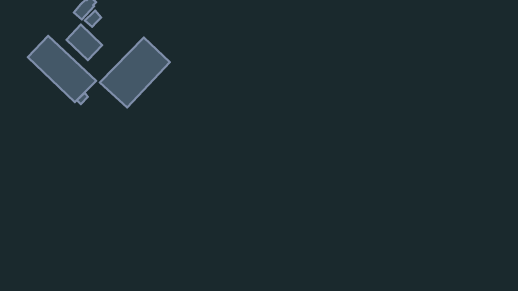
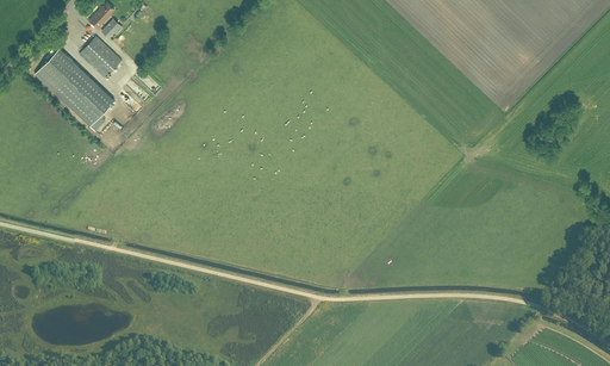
building: [100,37,170,107] -> none

